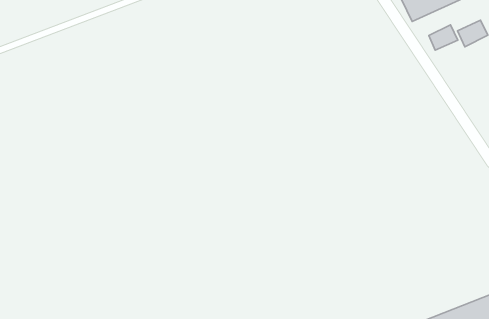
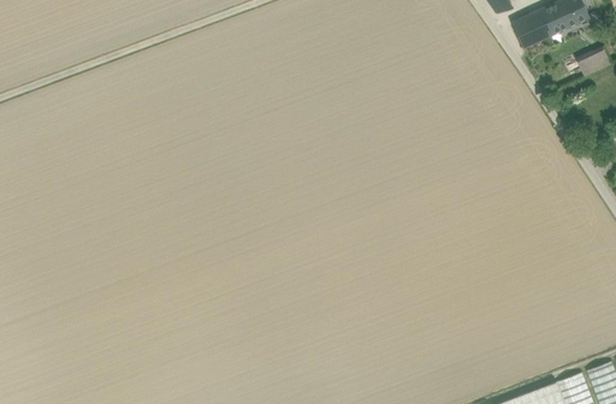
building: [429,25,458,50] -> none

